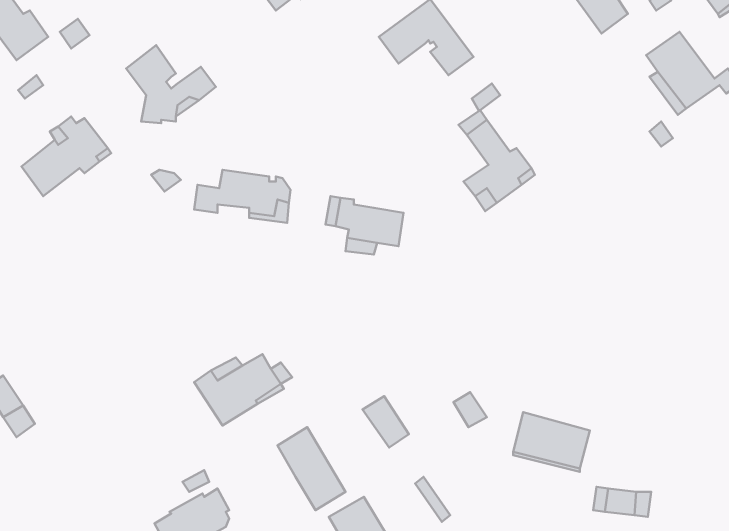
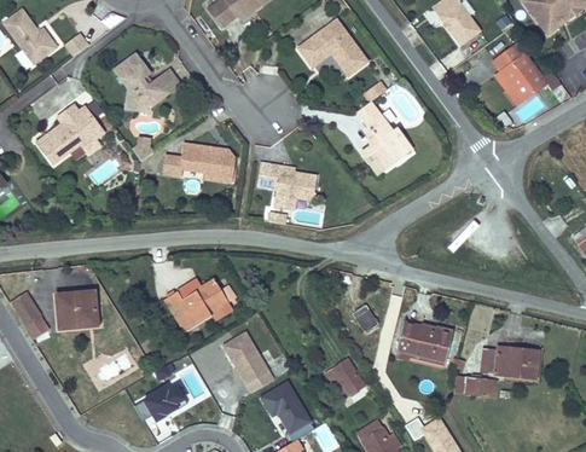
building: none -> [56,290,97,321]
building: [362,396,409,448] -> [331,358,365,395]
building: none -> [481,347,538,377]

